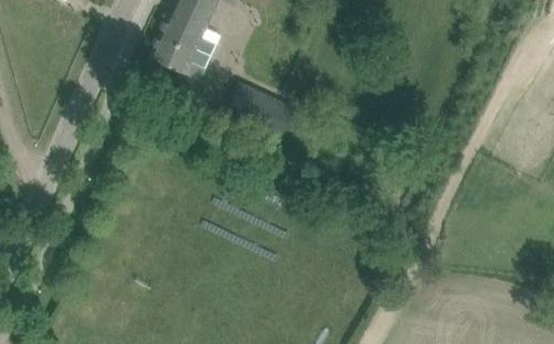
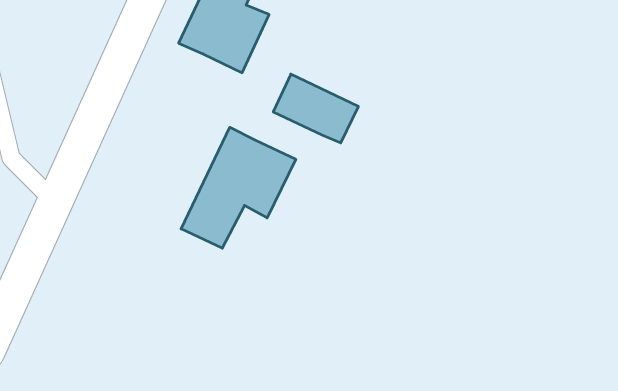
building: none -> [181,127,296,248]

